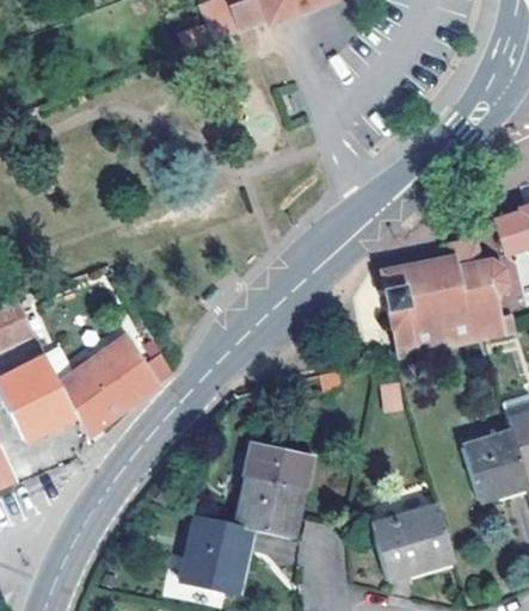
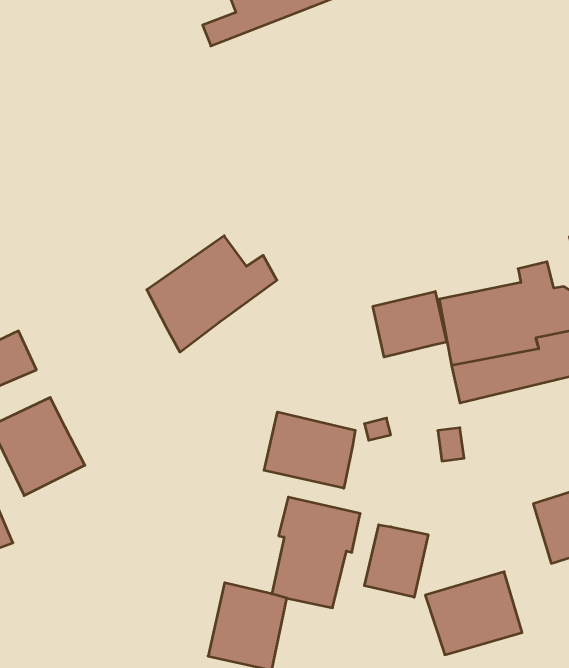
building: none -> [373,291,446,357]
building: [59,335,171,436] -> [147,236,277,352]
building: none -> [264,412,355,488]
building: none -> [364,525,428,597]

